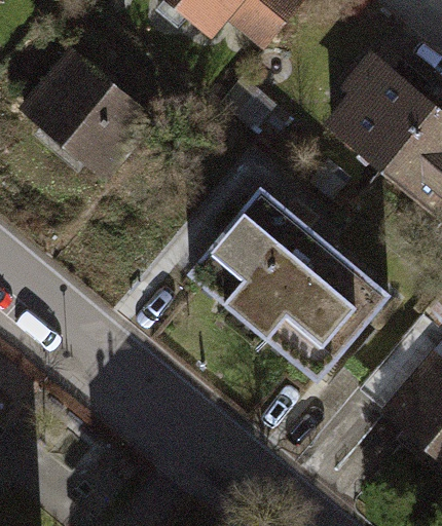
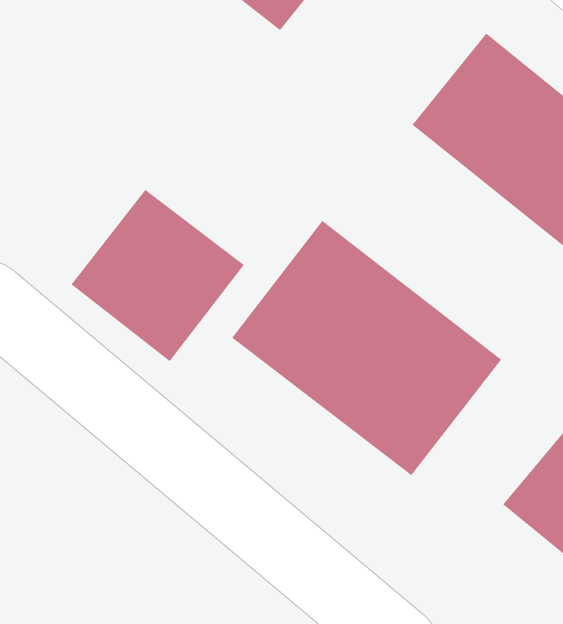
building: [26,44,161,176] -> none
building: none -> [71,189,245,362]

